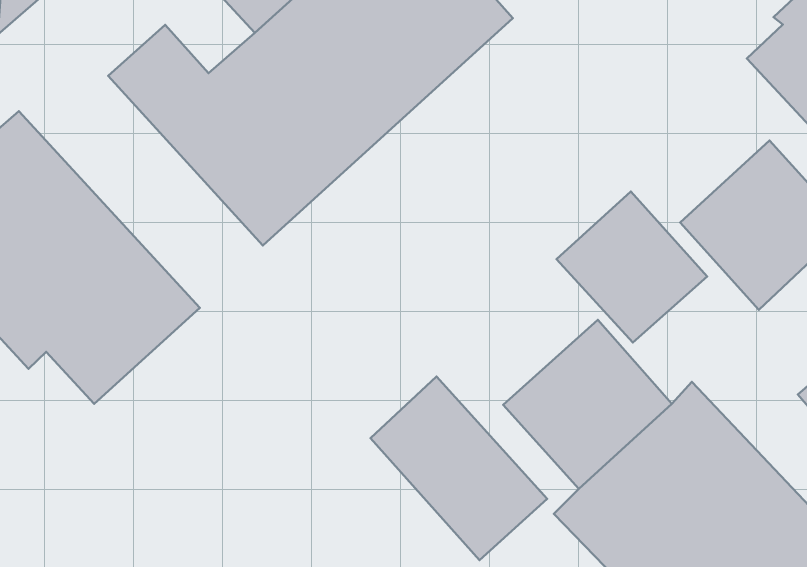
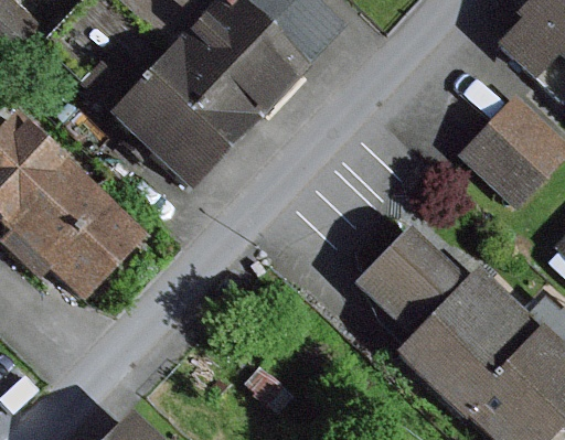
building: [556,192,707,342] -> none
building: [370,377,547,560] -> none

